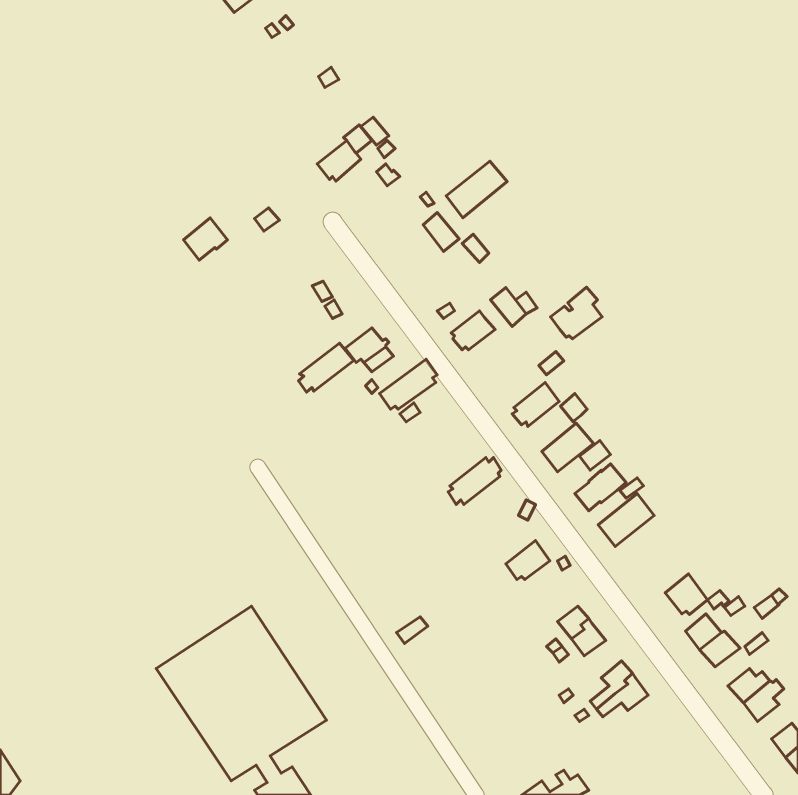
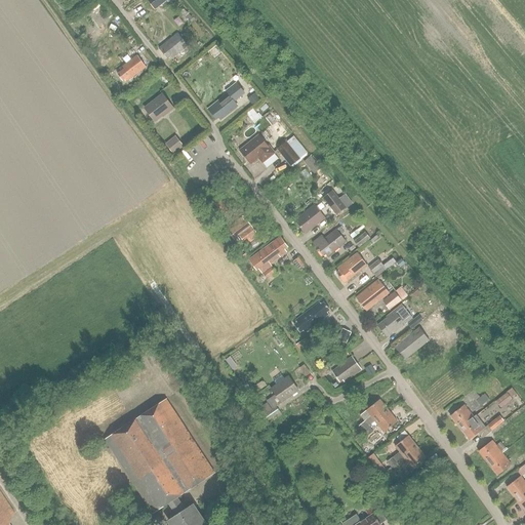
building: none -> [159,32,188,57]
building: none -> [117,54,147,82]
building: [446,161,507,218] -> none
building: none -> [239,133,273,161]
building: [184,218,227,260] -> [145,92,173,120]
building: [551,287,602,339] -> [313,221,347,255]
building: [299,343,354,392] -> none
building: none -> [271,374,298,401]
building: [665,574,707,615] -> none

